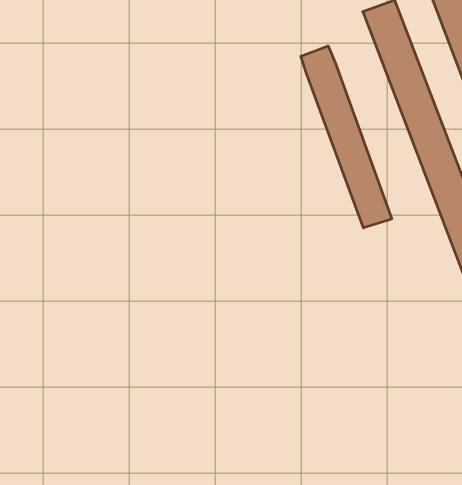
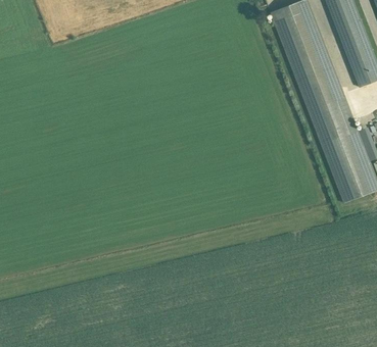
building: [301,46,392,228] -> none

